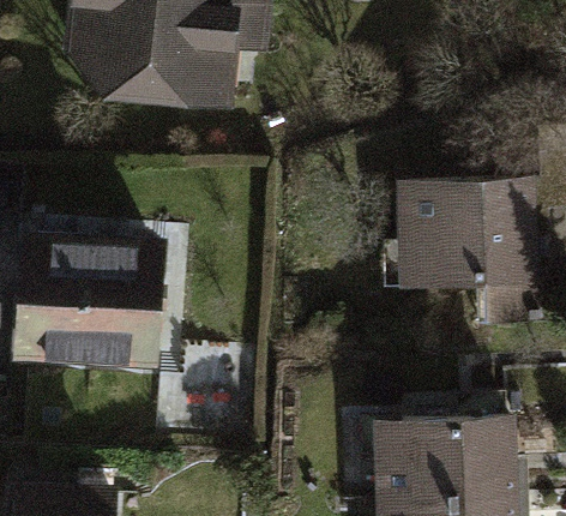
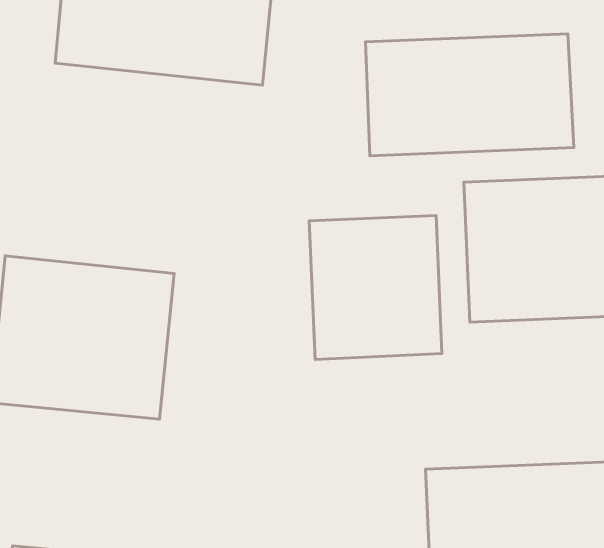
building: none -> [365,34,574,156]
building: none -> [309,216,442,360]

